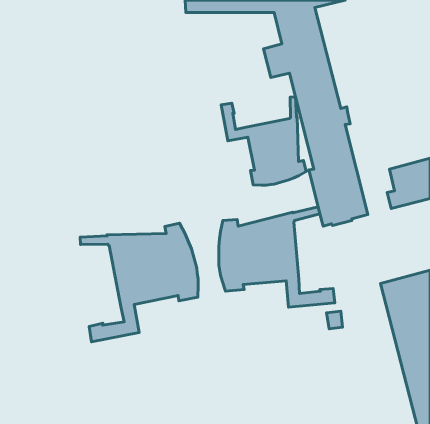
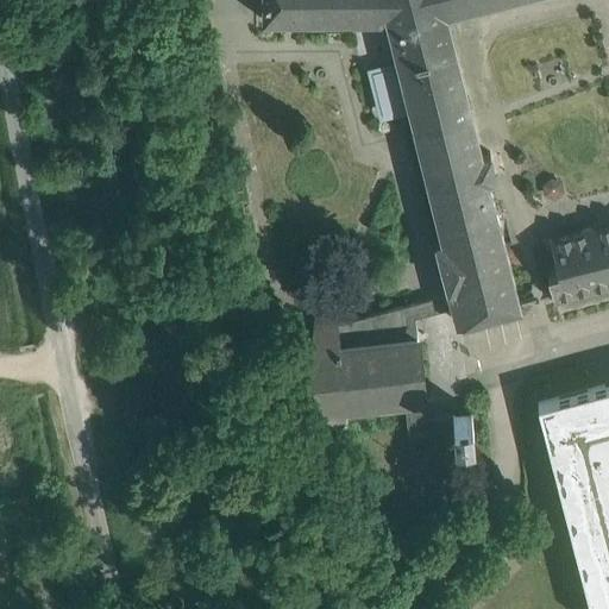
building: [221,97,306,185] -> none
building: [80,223,198,342] -> none

